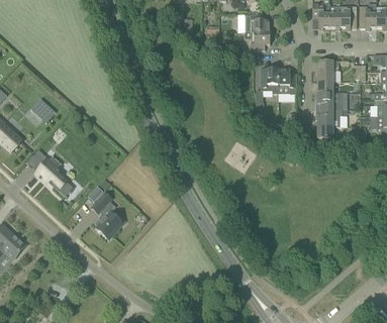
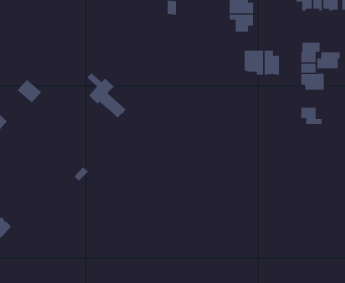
building: [317,108,342,125] -> [317,52,341,69]
building: [33,148,74,195] -> [86,72,126,118]
building: [91,192,123,238] -> none

